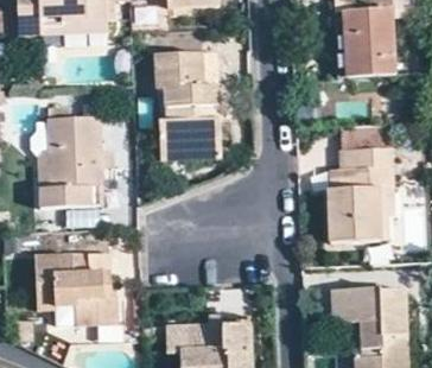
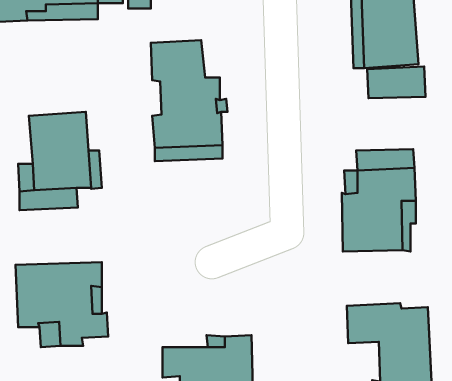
building: [338,123,390,152] -> [367,66,426,98]

